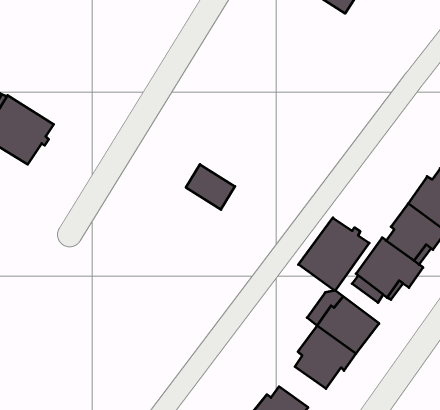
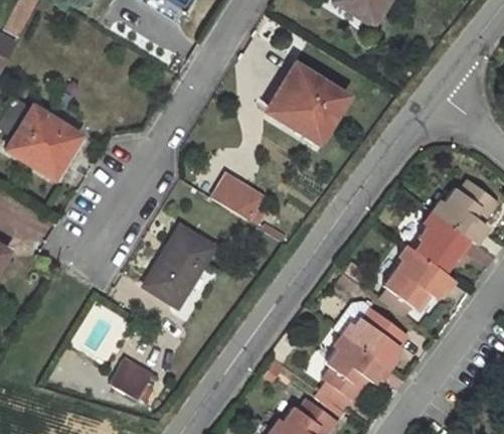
building: none -> [267,63,347,142]
building: none -> [146,228,214,305]
building: [298,218,369,291] -> none
building: none -> [111,357,153,398]

